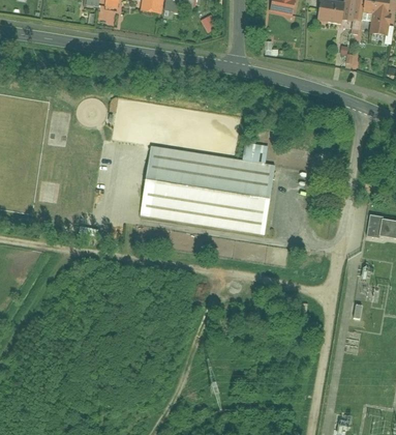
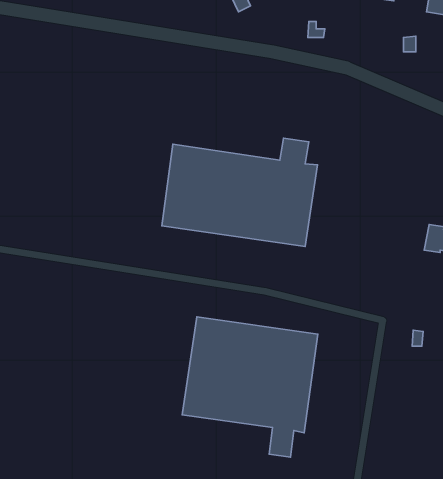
building: none -> [182,317,318,457]

